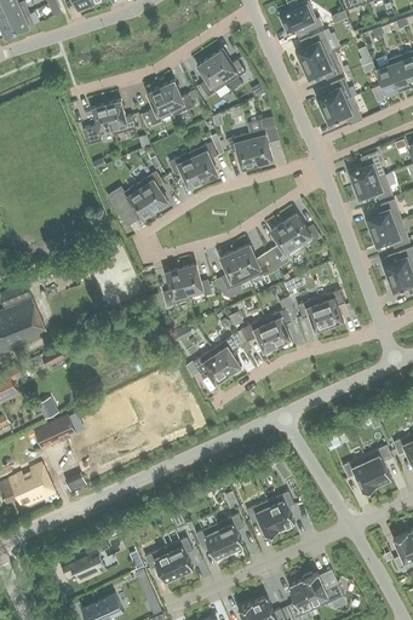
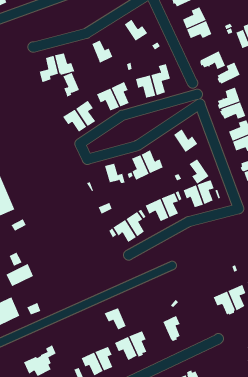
building: [197,58,226,97] -> none
building: [317,78,352,111] -> [217,62,240,84]
building: [147,87,172,125] -> [63,72,80,97]
building: [270,223,302,262] -> [189,158,210,184]
building: [164,269,190,306] -> none
building: [246,501,280,535] -> [104,307,127,330]

